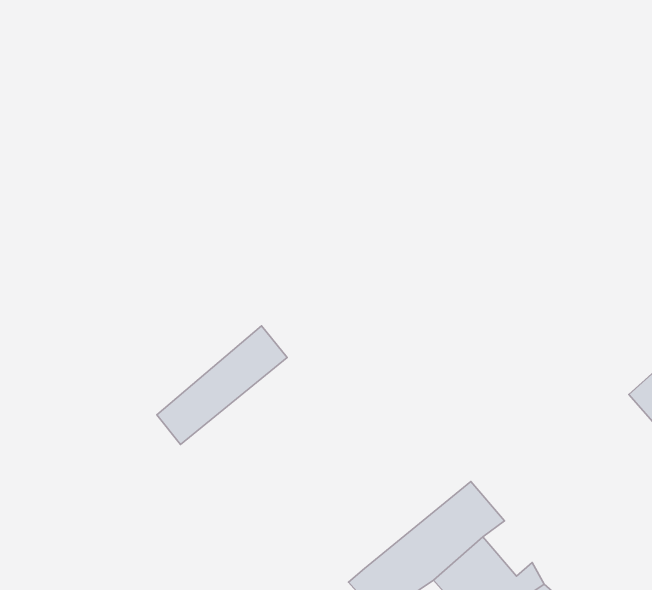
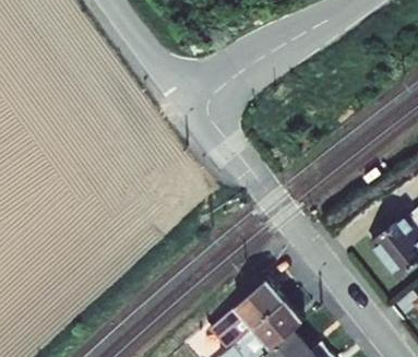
building: [157,326,287,444] -> [210,278,282,344]

